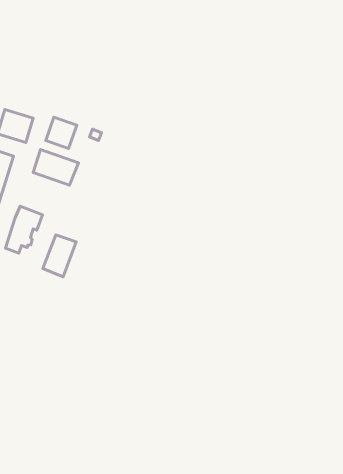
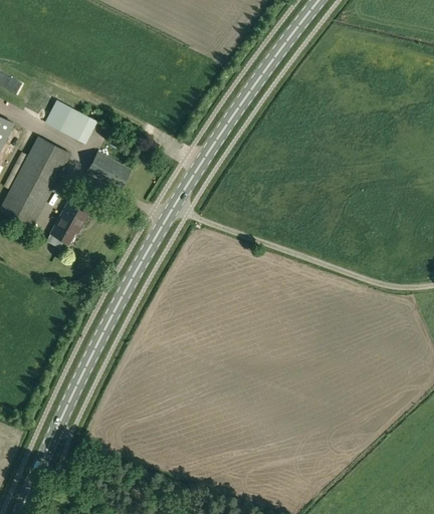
building: [46,117,77,149] -> none
building: [43,235,76,277] -> none

